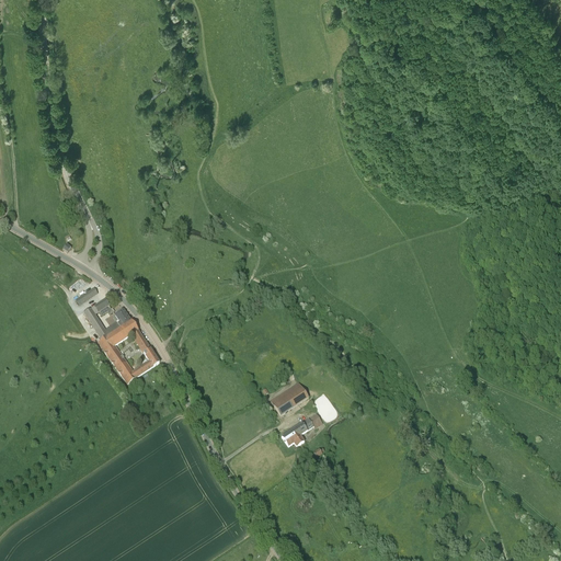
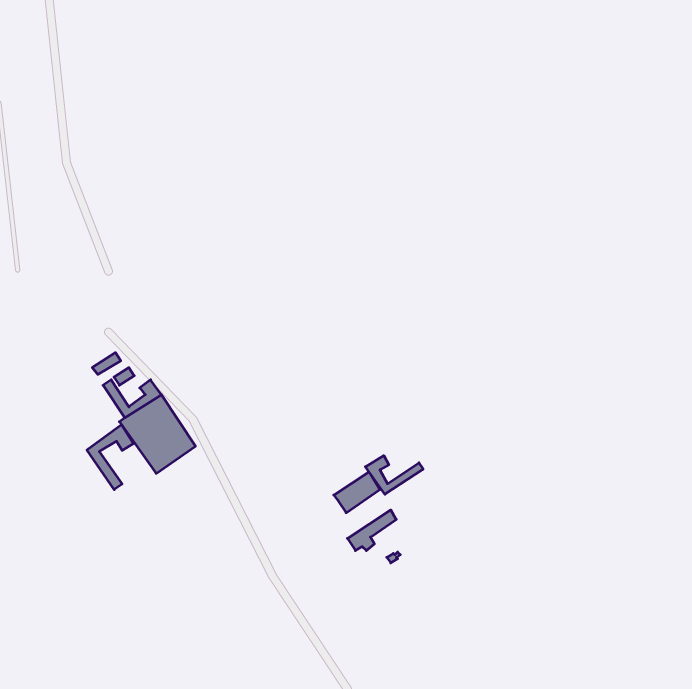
building: none -> [87,425,134,490]
building: none -> [365,456,423,494]

